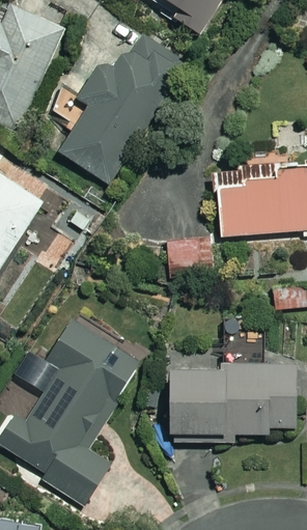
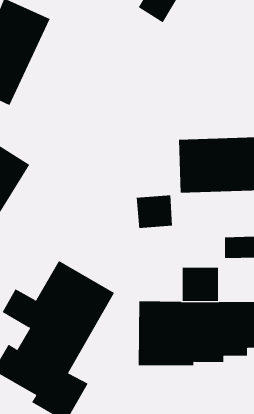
building: [59,36,184,183] -> none

